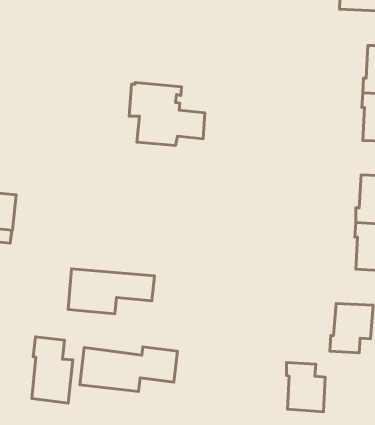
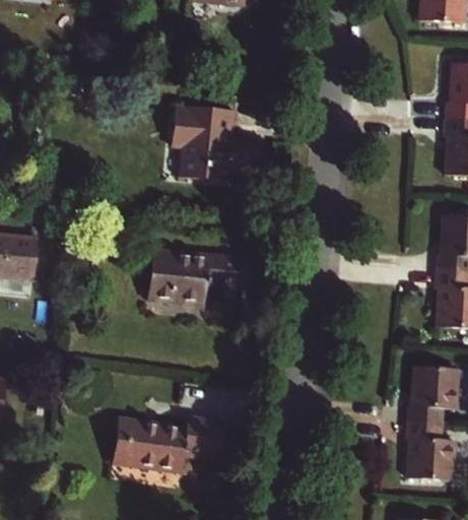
building: [68,269,154,314] -> [148,251,250,304]
building: [32,337,73,403] -> none
building: [287,363,325,412] -> [407,422,453,480]

